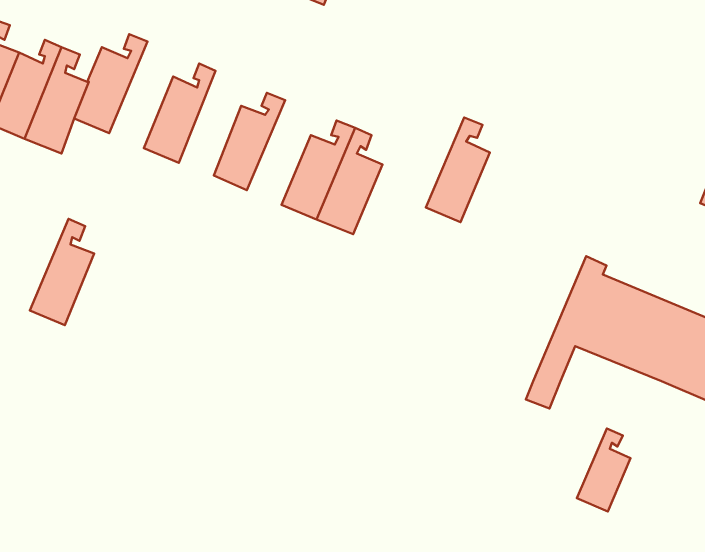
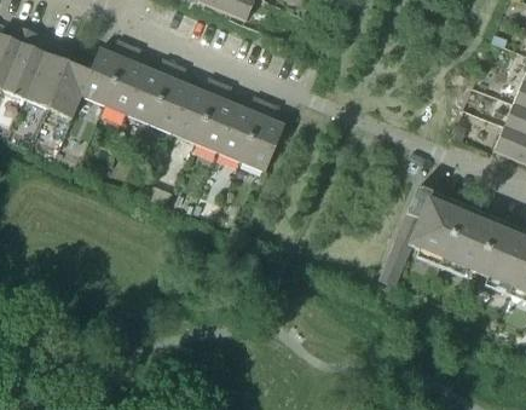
building: none -> [150,63,191,132]
building: [426,118,490,222] -> [195,82,237,151]
building: [30,219,94,325] -> [104,44,146,114]
building: [577,428,630,511] -> none

